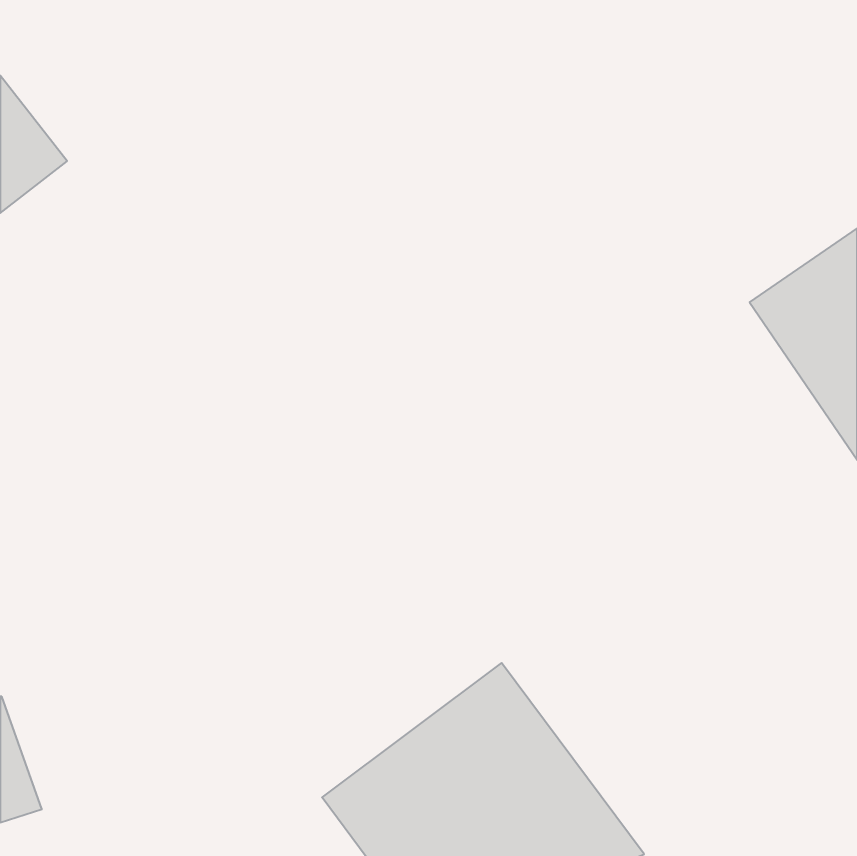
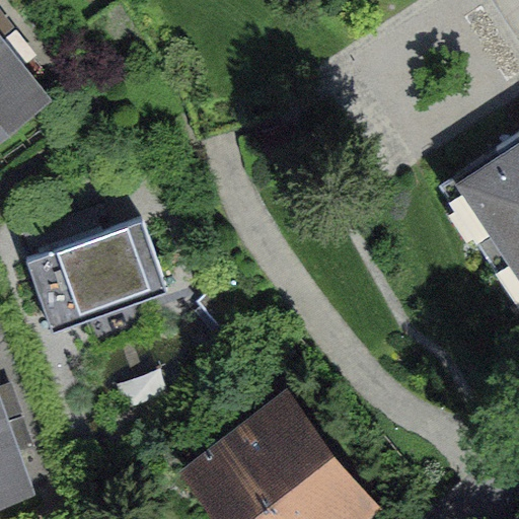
building: none -> [29,220,166,326]

